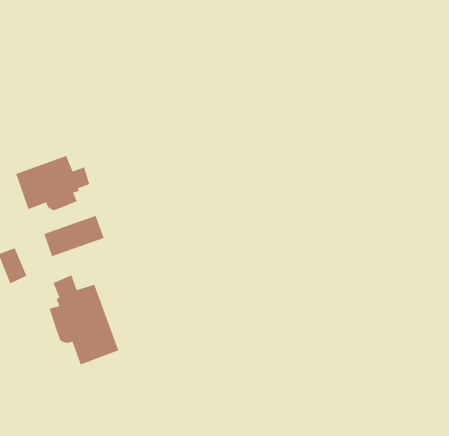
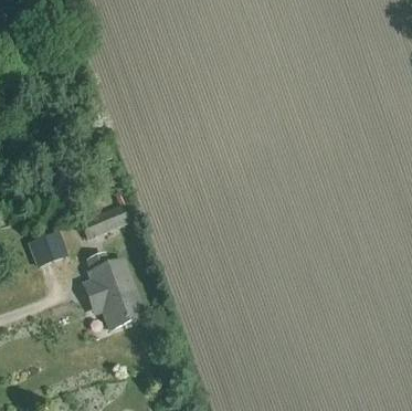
building: [15,155,90,211] -> none

